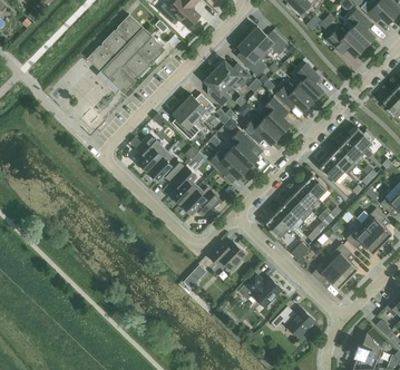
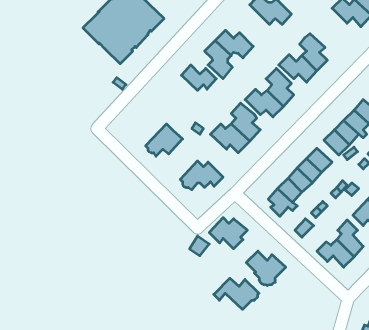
building: [237,36,266,76] -> none
building: [173,104,199,139] -> none
building: [137,135,167,172] -> none
building: [170,167,197,204] -> none
building: [271,306,314,337] -> [214,278,259,309]

